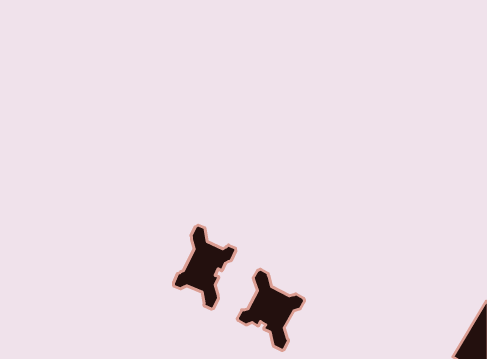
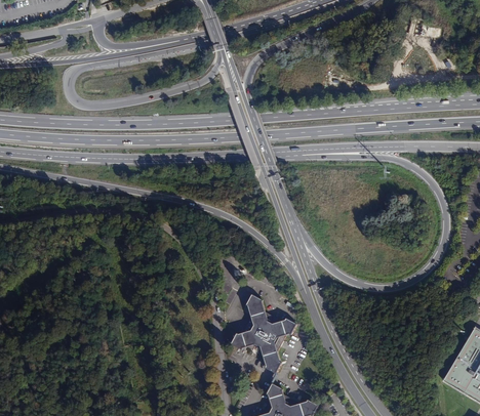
building: [173,225,236,309] -> none

